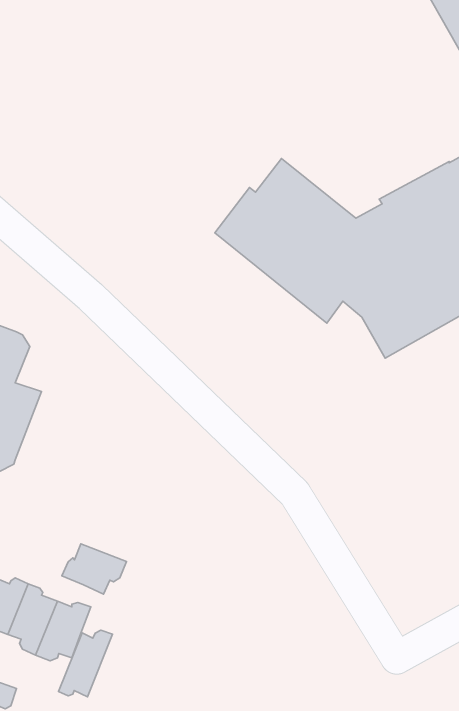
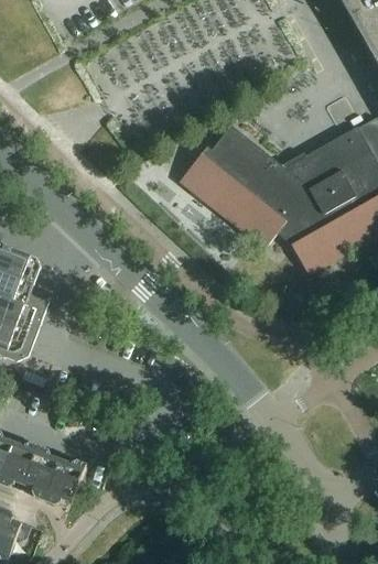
building: [62,544,126,594] -> none
building: [58,630,113,697] -> none

